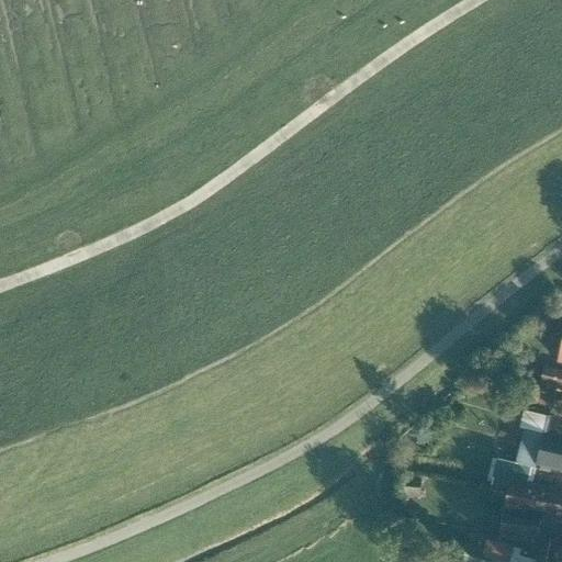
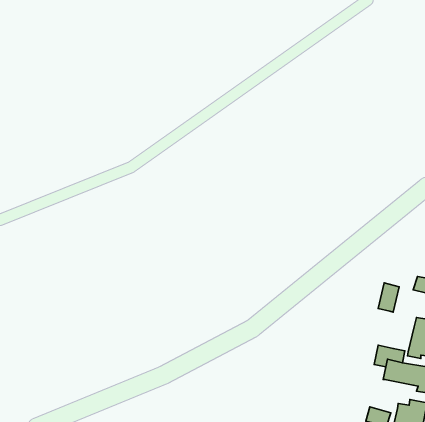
building: [519,430,547,469] -> [378,283,399,312]
building: [502,505,546,543] -> none

